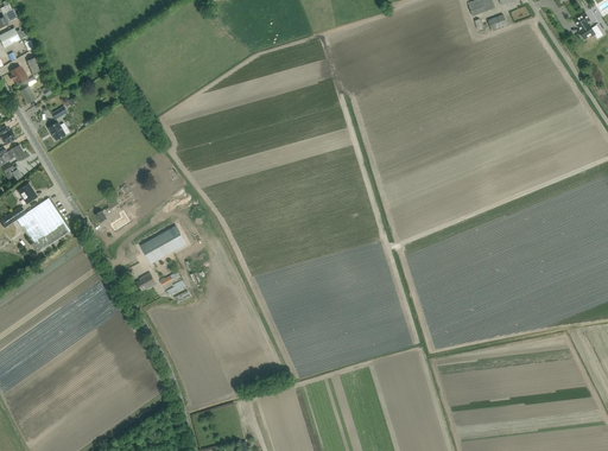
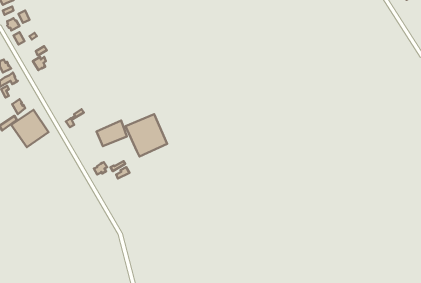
building: none -> [126,114,167,157]

